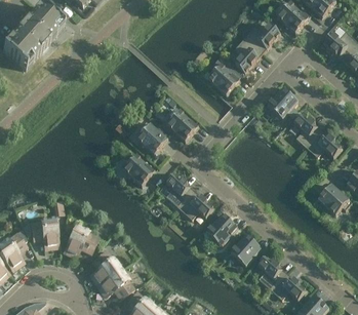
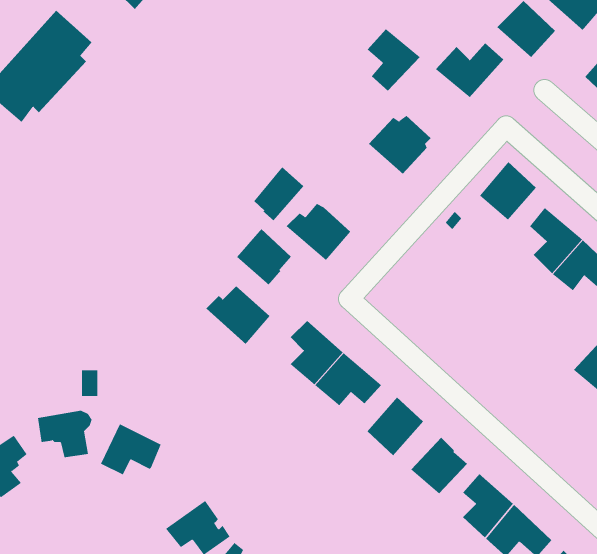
building: [232,38,261,72] -> [367,28,420,92]
building: none -> [253,167,304,221]
building: [90,250,119,284] -> none

